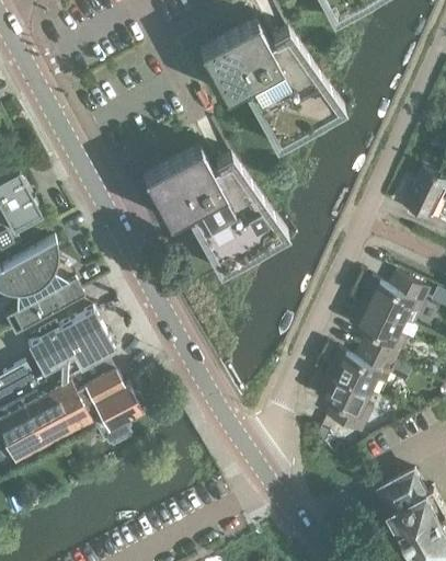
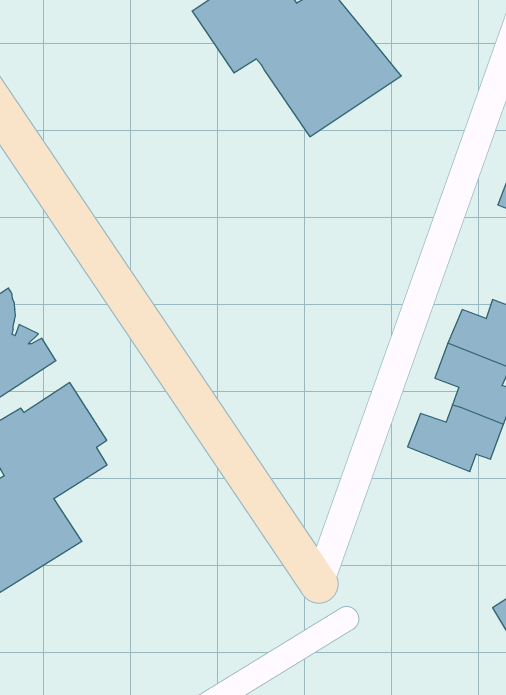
building: [139,146,285,273] -> none
building: [72,368,140,446] -> none
building: [315,371,371,433] -> none

